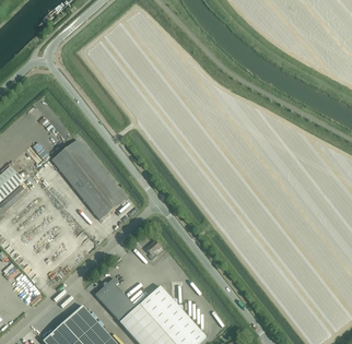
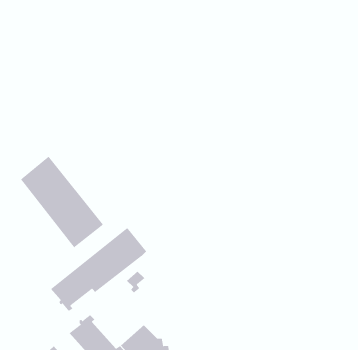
building: none -> [50,227,147,312]

